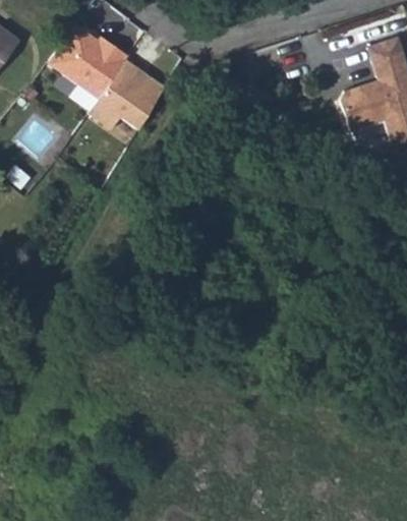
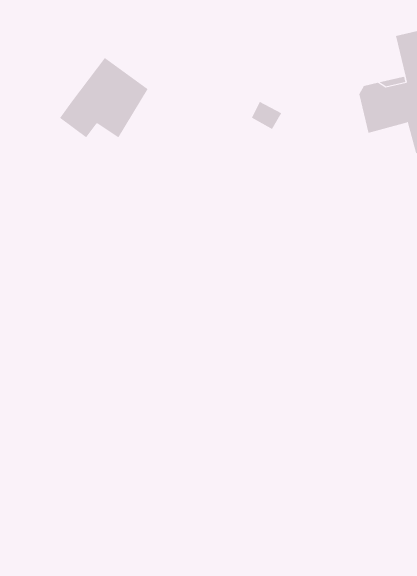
building: [49,27,127,100] -> none

